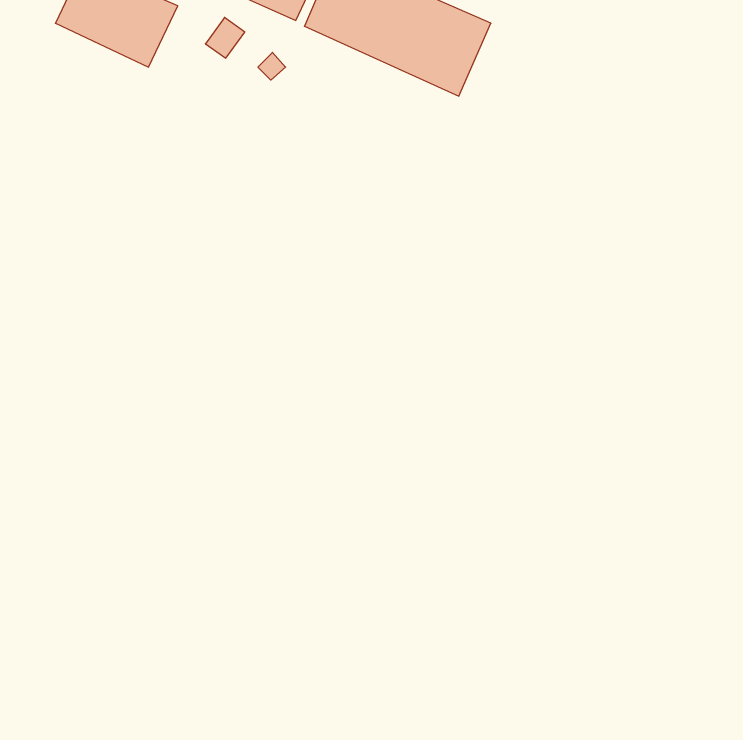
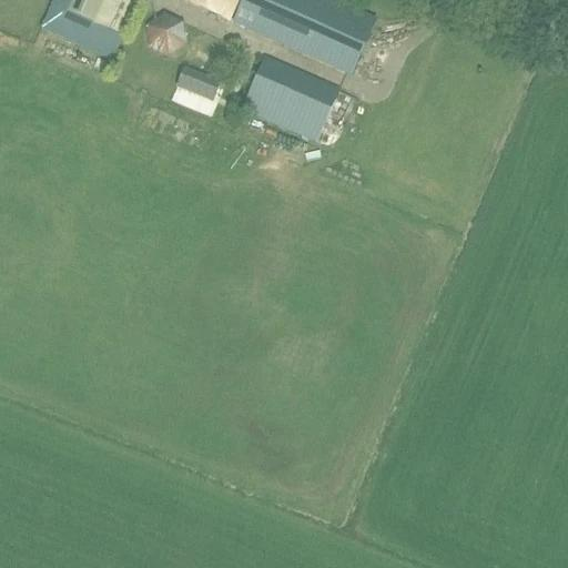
building: none -> [240,57,336,140]
building: none -> [174,62,219,100]

